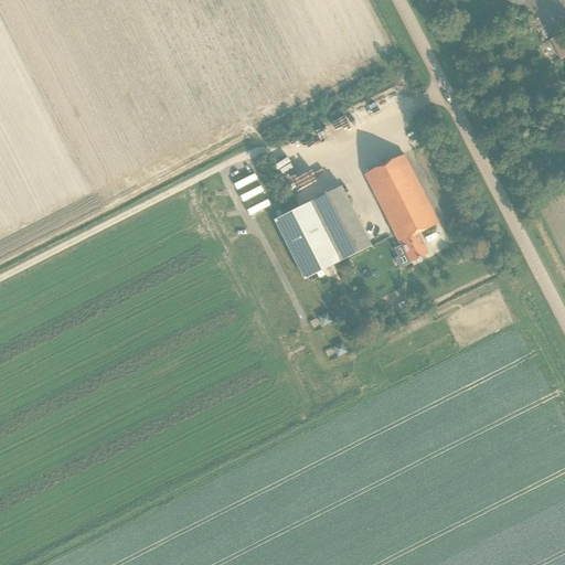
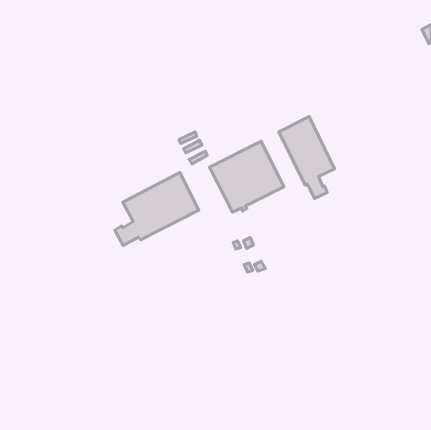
building: none -> [115,173,199,245]

